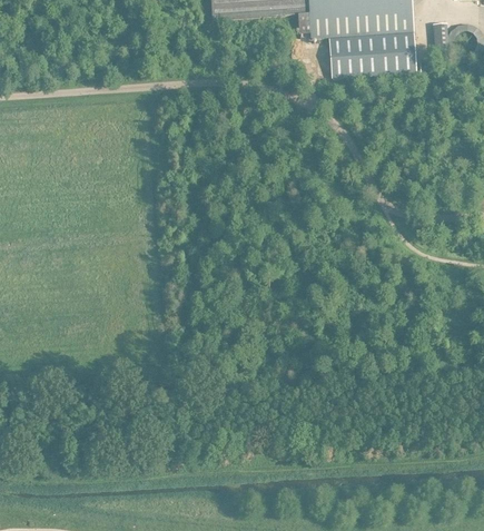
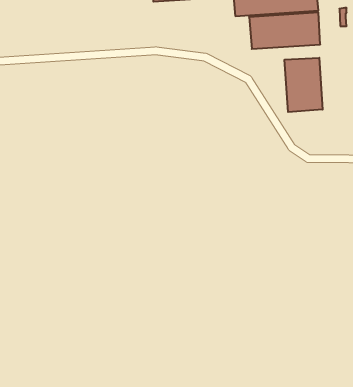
building: none -> [285,58,323,112]

